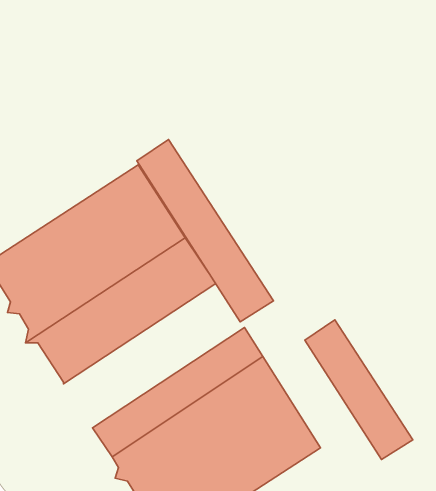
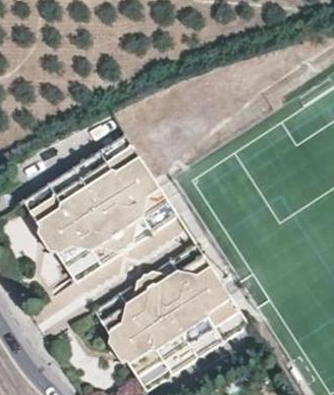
building: [137,139,273,322] -> none
building: [305,320,413,460] -> none

